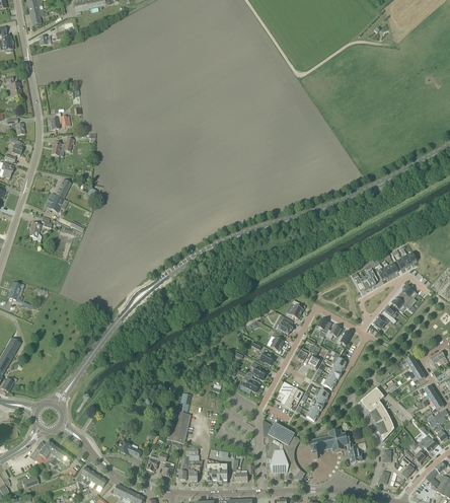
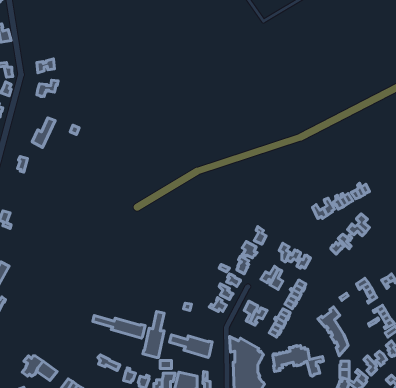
building: none -> [93,316,145,338]
building: none -> [170,335,212,357]

